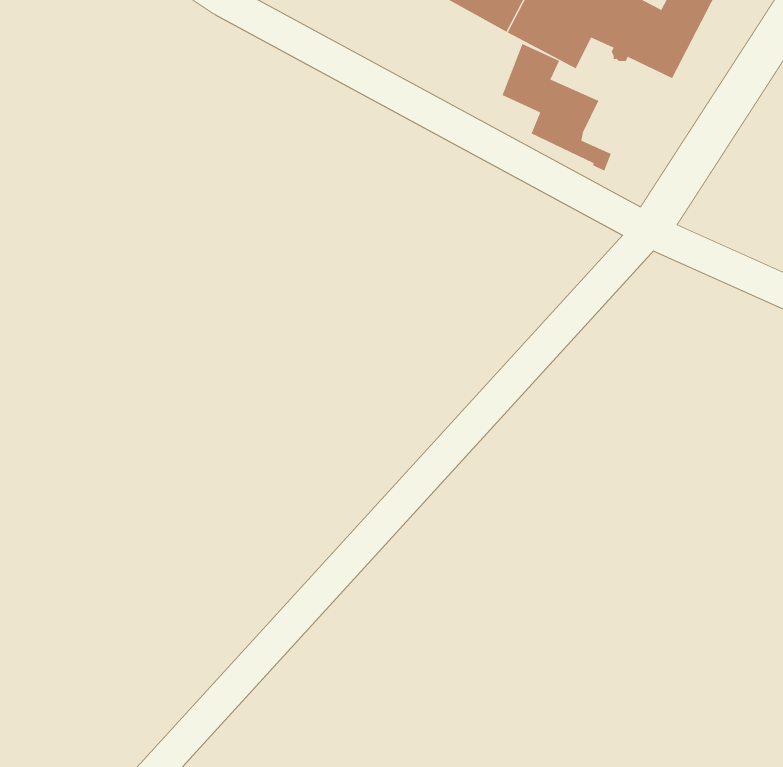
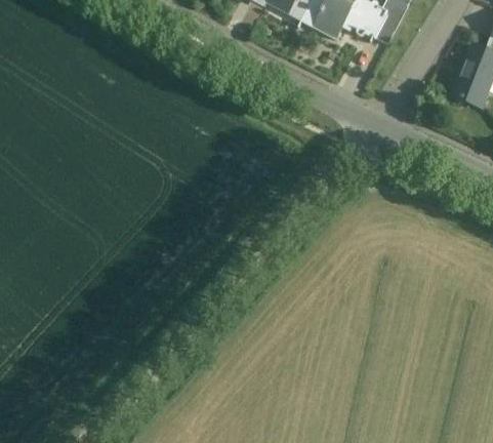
building: [502,43,612,171] -> none

